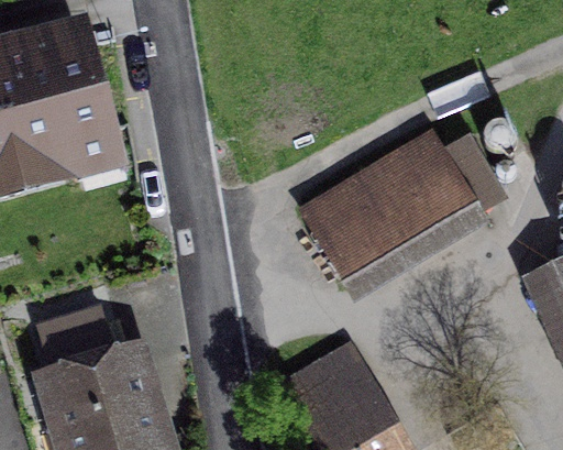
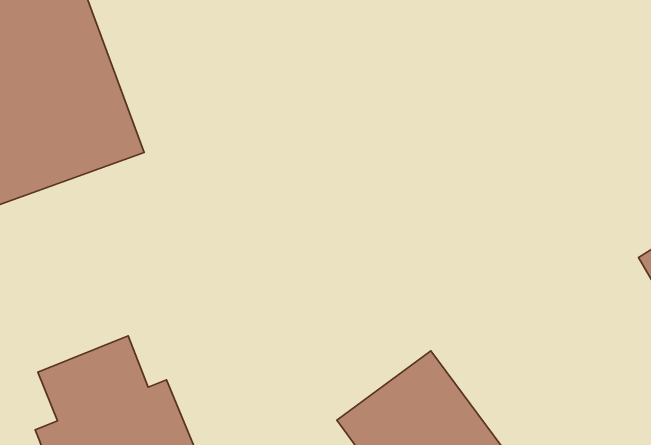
building: [300,138,474,288] -> none

